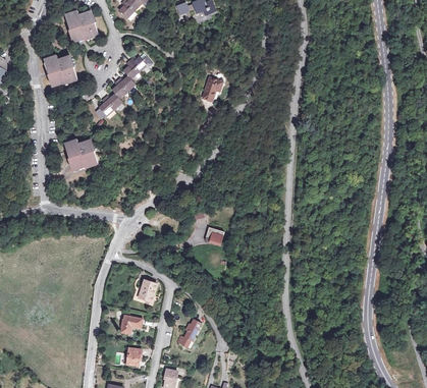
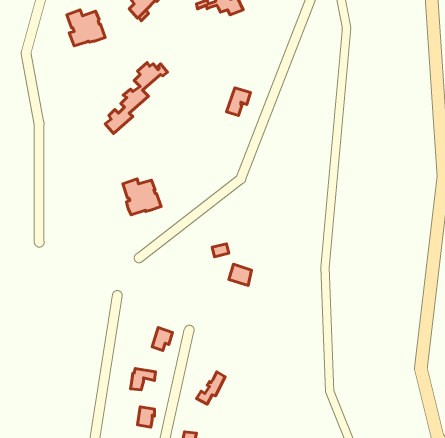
building: [45,56,77,87] -> none
building: [65,140,98,170] -> [123,179,161,215]

